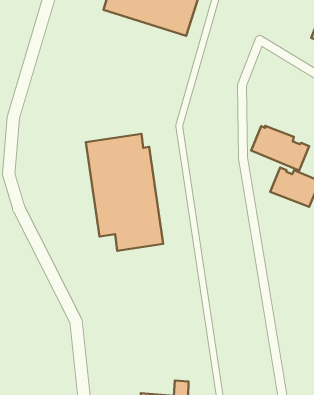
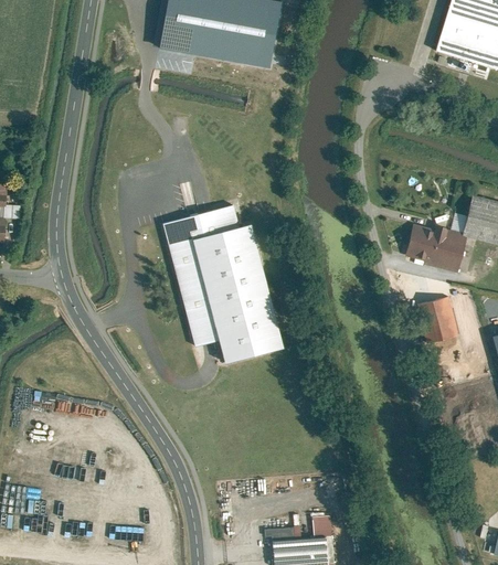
building: [251,126,309,171] -> none
building: none -> [420,296,459,342]

